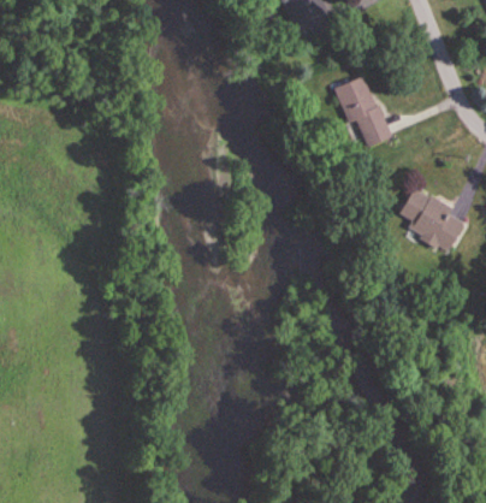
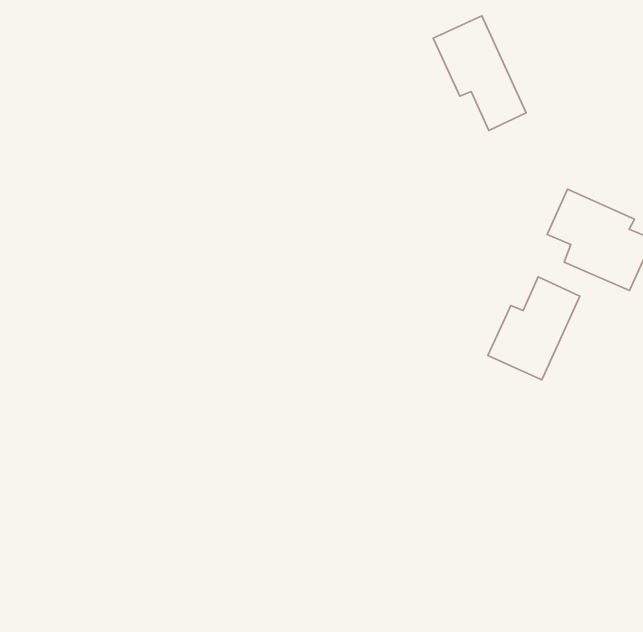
building: none -> [488,277,580,380]

